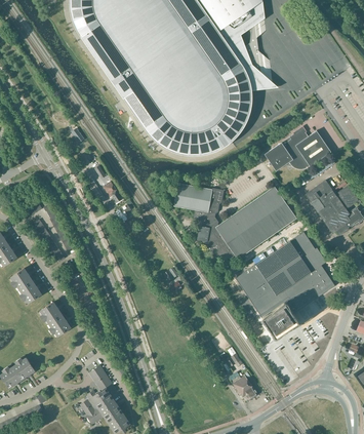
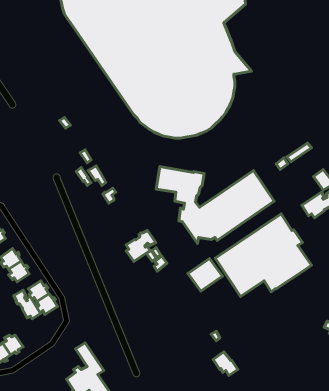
building: [264,128,330,171] -> none
building: [305,180,345,223] -> none
building: none -> [126,230,156,262]
building: [261,304,297,338] -> [188,259,222,291]
building: none -> [14,290,40,319]

